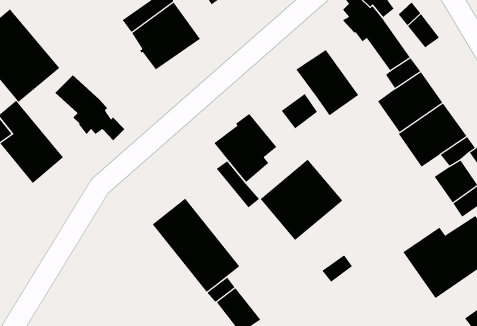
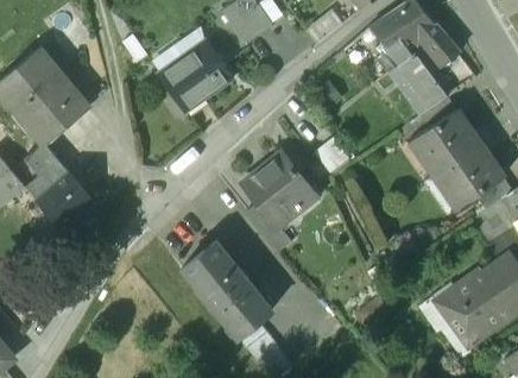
building: [296,49,359,116] -> none
building: [55,74,125,141] -> none
building: [260,159,343,241] -> none

